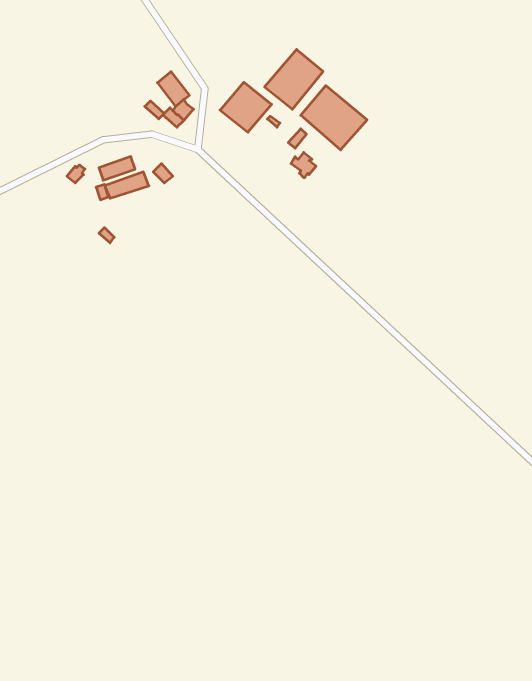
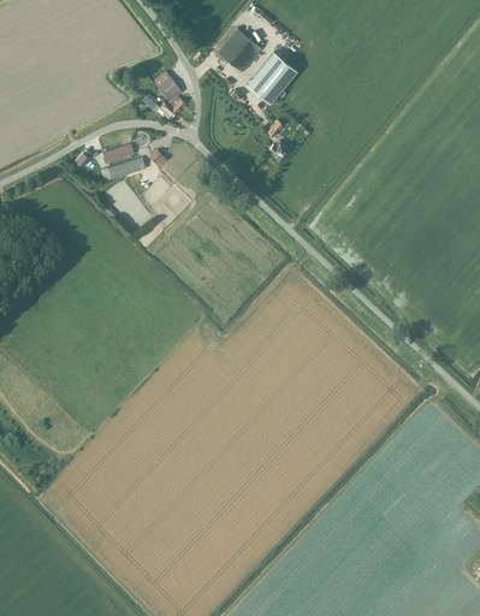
building: [220,82,272,132] -> [218,28,262,71]
building: [301,86,367,150] -> none

